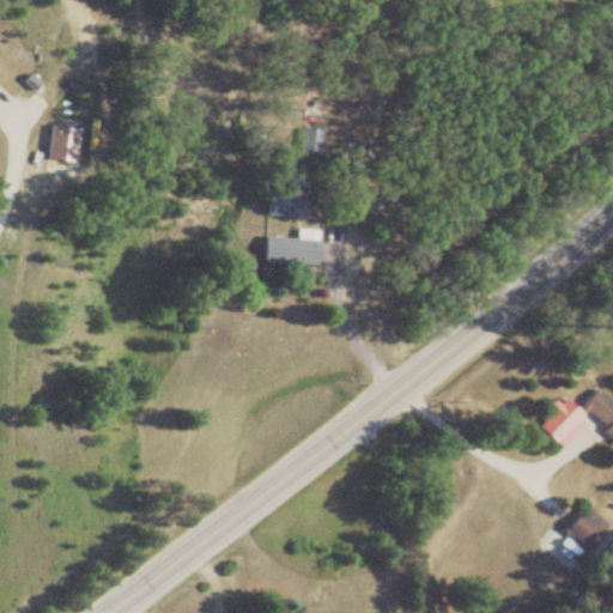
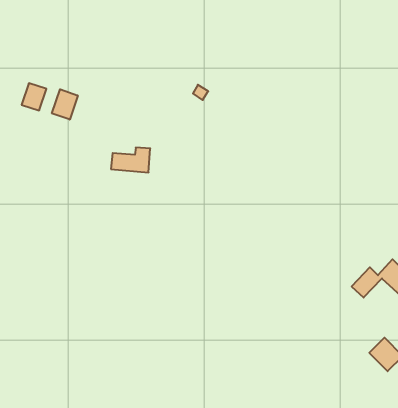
building: none -> [52,89,78,120]
building: [265,229,323,266] -> [111,148,150,172]

